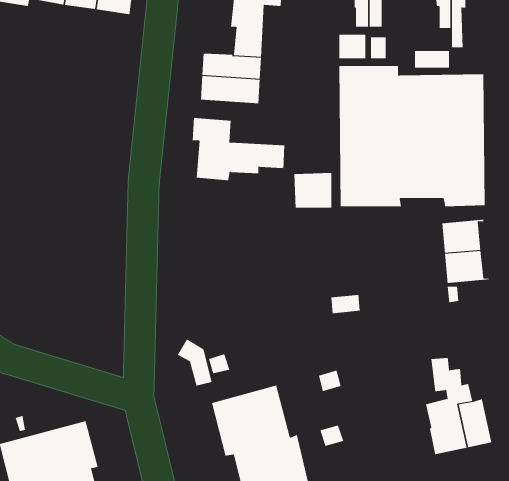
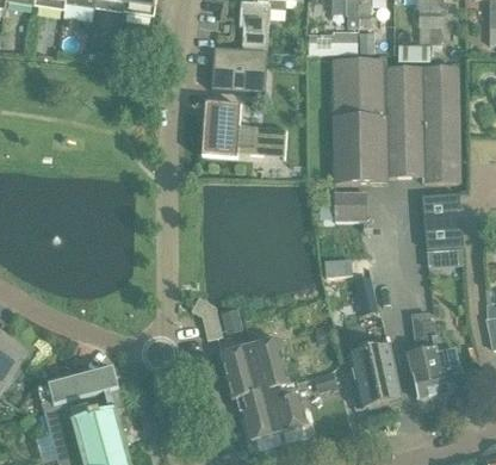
building: [294,172,332,208] -> [333,190,366,221]
building: none -> [349,339,399,404]

